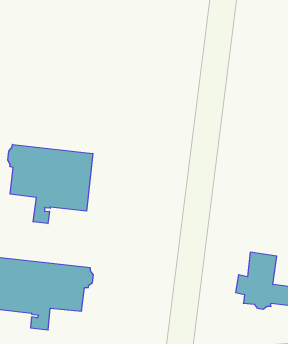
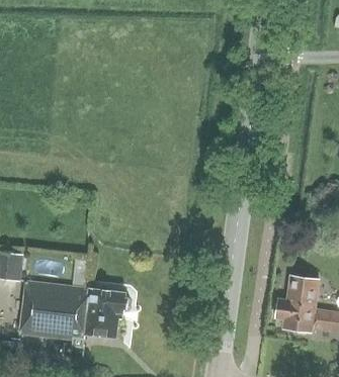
building: [8,144,93,224] -> none

